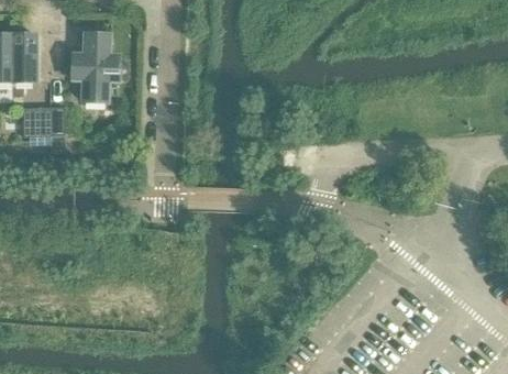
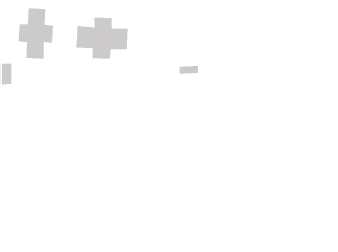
building: none -> [76,17,129,60]

